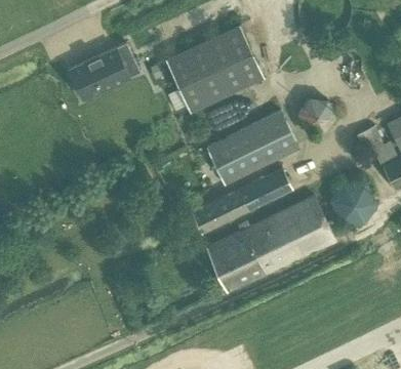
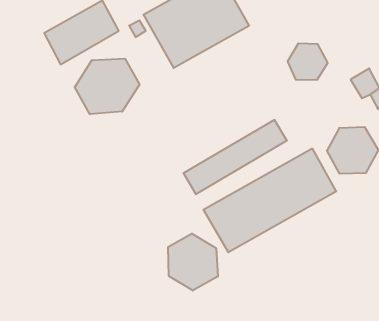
building: none -> [75,59,139,114]
building: [206,112,298,186] -> none
building: none -> [168,233,218,291]

